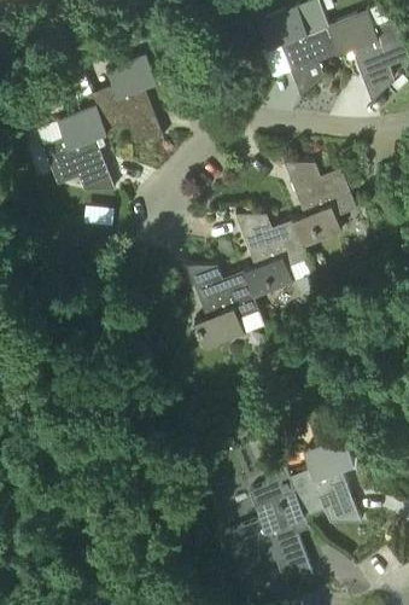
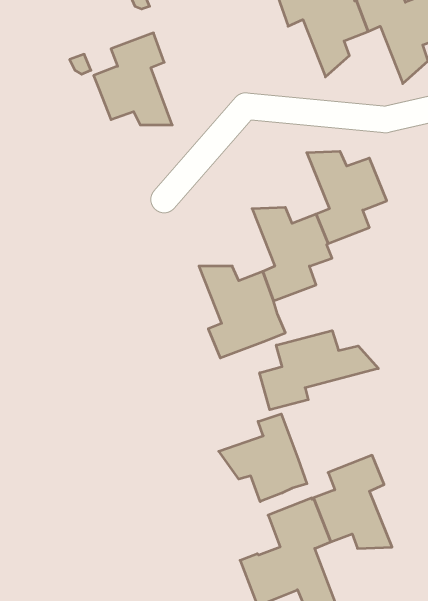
building: [37,105,115,190] -> none
building: none -> [260,331,378,410]
building: none -> [219,414,307,502]

